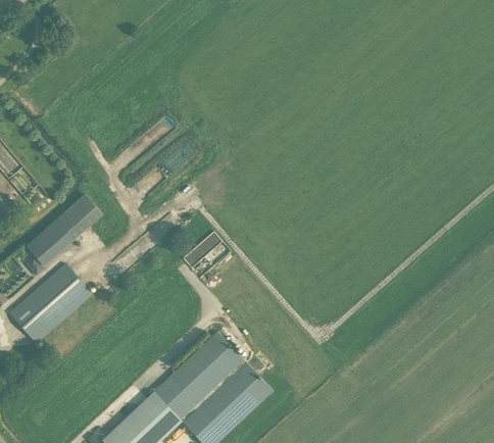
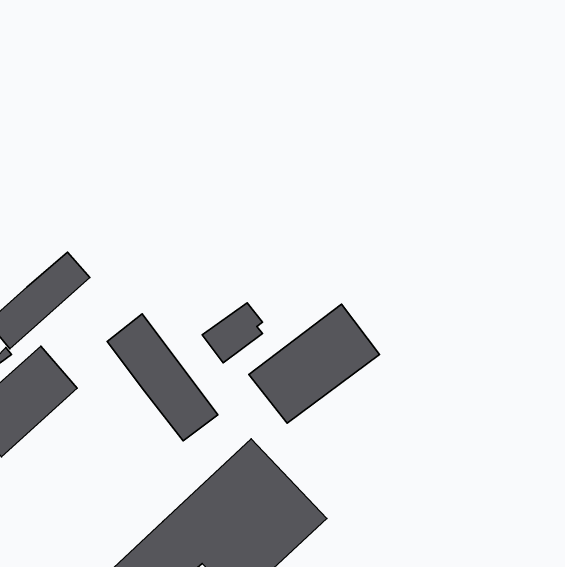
building: none -> [249,304,379,423]
building: none -> [107,314,218,441]

